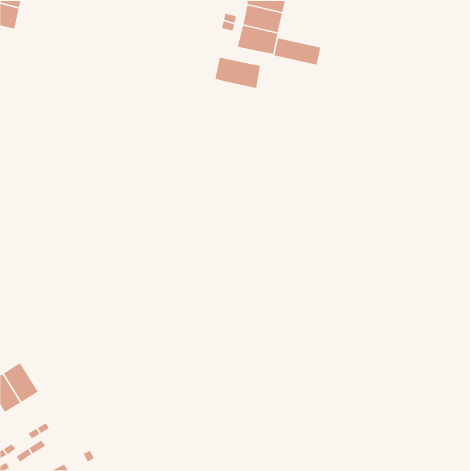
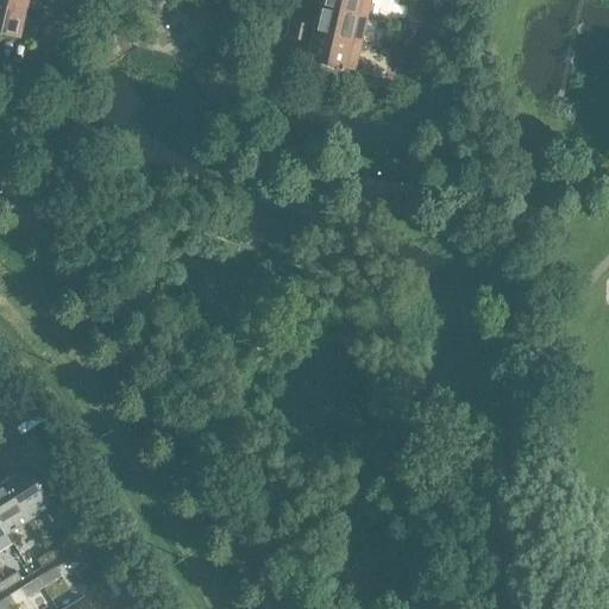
building: [273,38,321,65] -> none
building: [214,57,261,89] -> none

